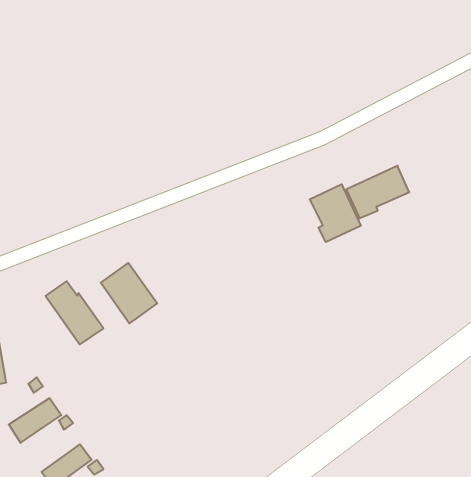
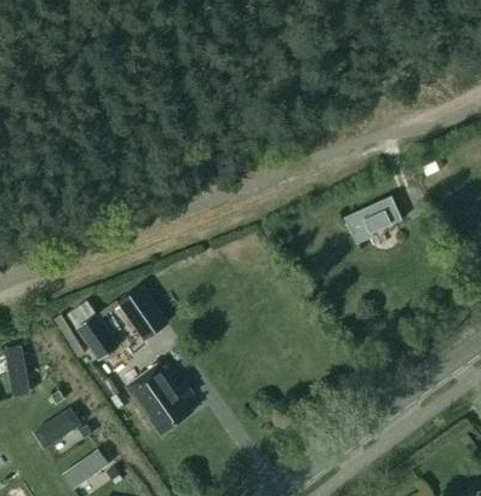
building: [310,184,361,242] -> none
building: none -> [126,362,191,432]

